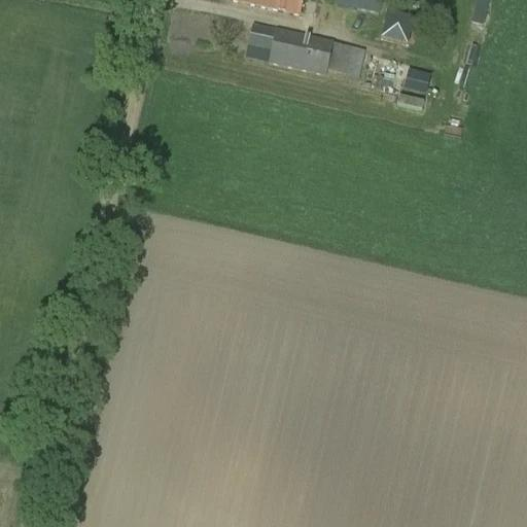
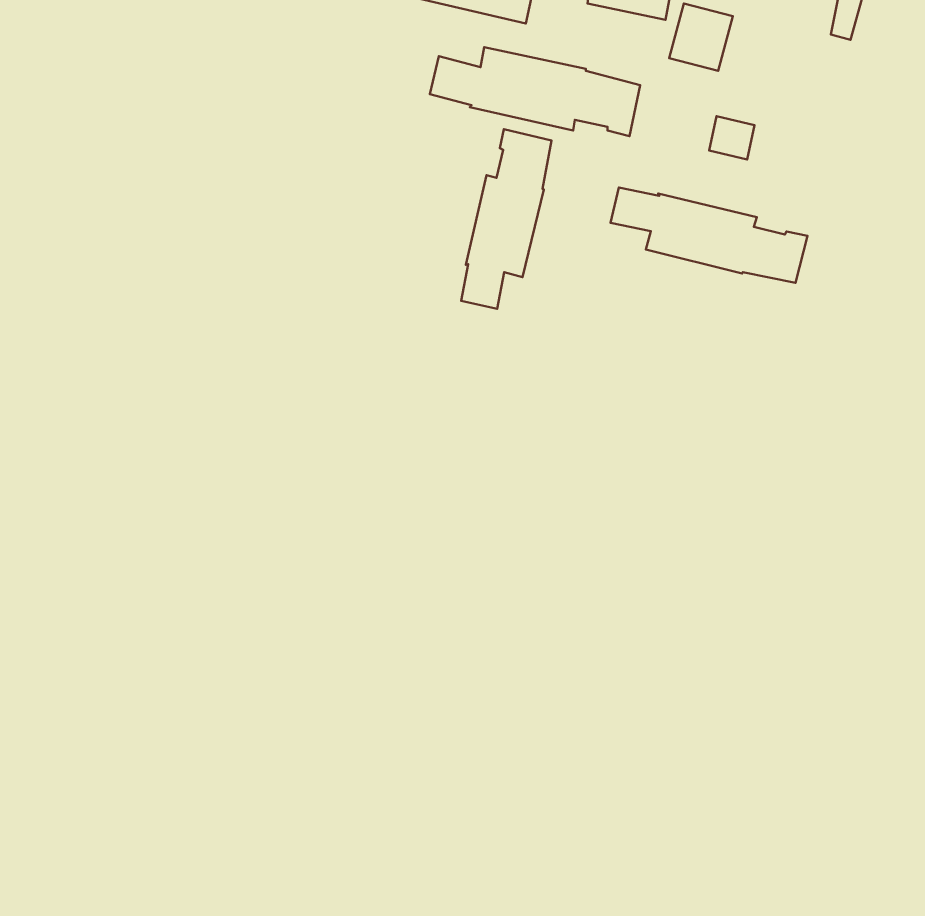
building: none -> [461,129,551,309]
building: none -> [611,188,807,283]

